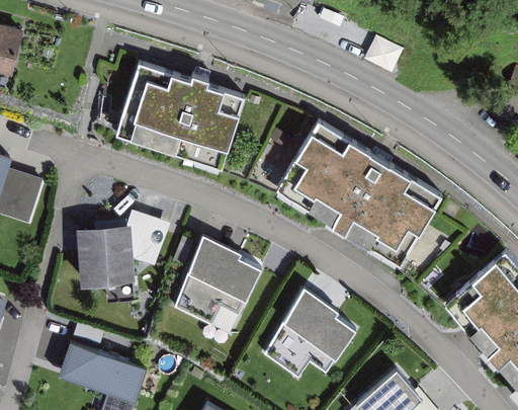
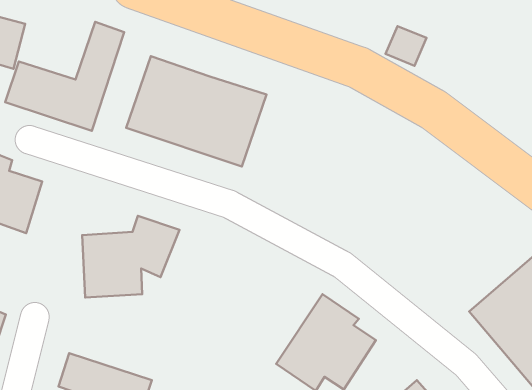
building: none -> [5,22,124,131]
building: [278,122,445,265] -> none
building: [172,235,261,332] -> none

